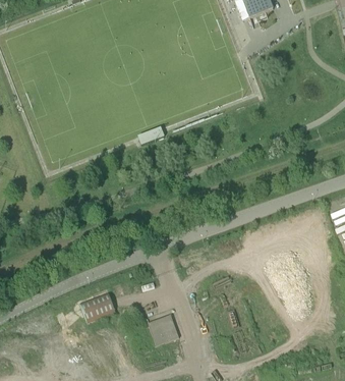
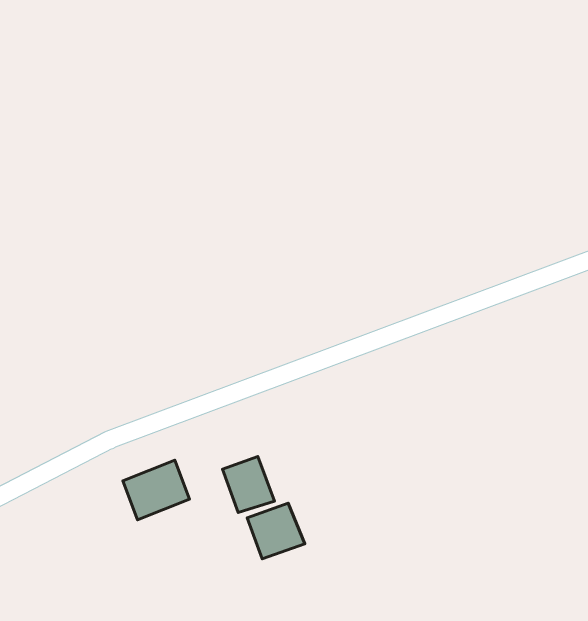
building: none -> [222,456,275,513]

